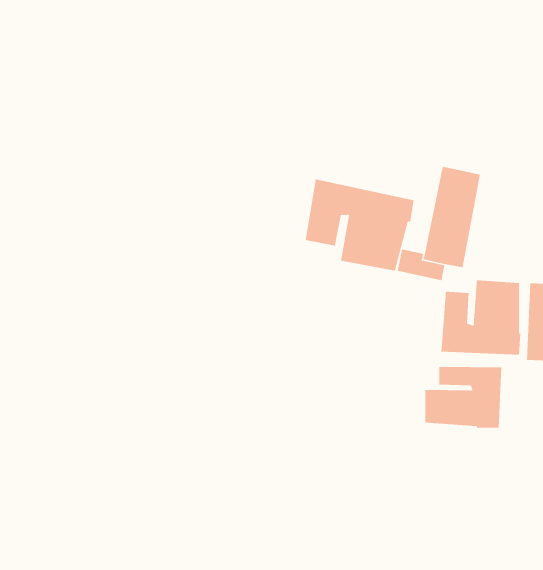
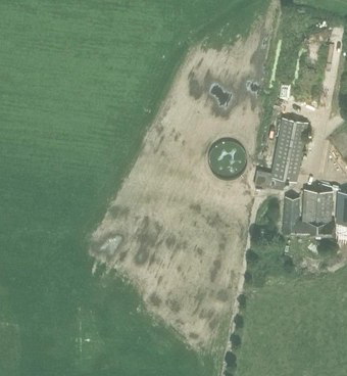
building: [305,179,415,272] -> none
building: [425,366,502,429] -> none

